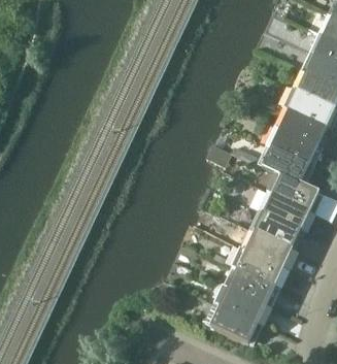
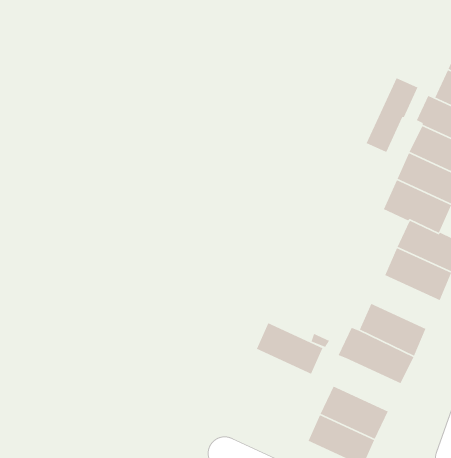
building: none -> [365,77,419,152]
building: [255,211,302,247] -> none
building: [229,268,275,304] -> [256,322,323,375]

